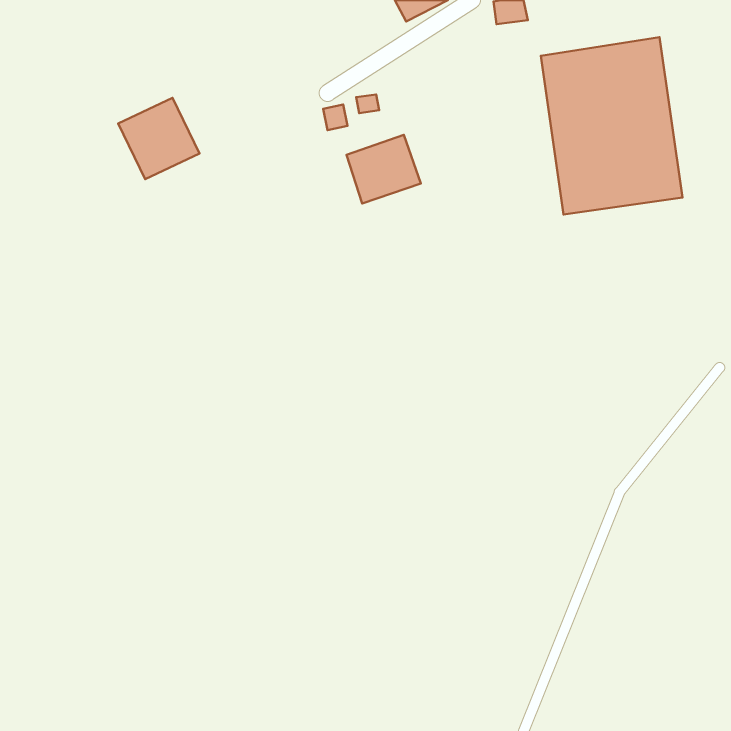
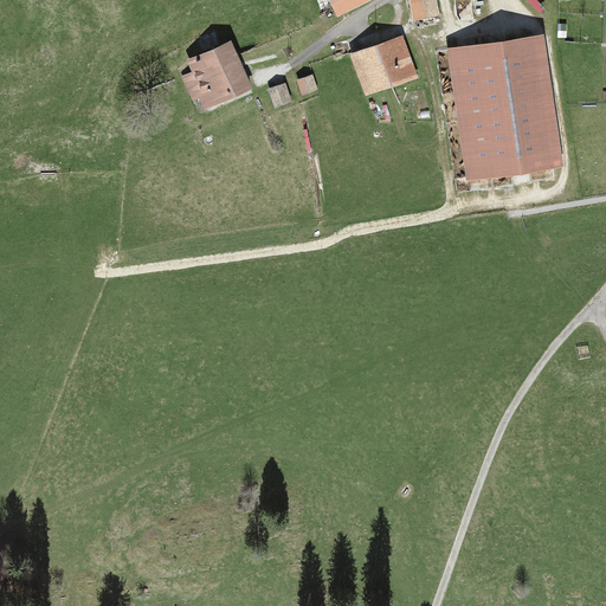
building: [118,98,200,179] -> [183,41,251,109]
building: [347,135,421,204] -> [348,39,410,96]

